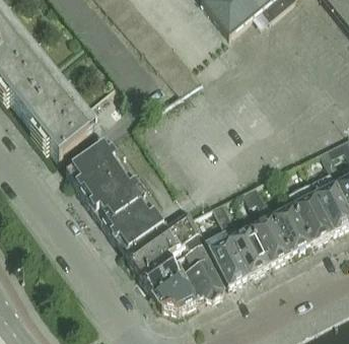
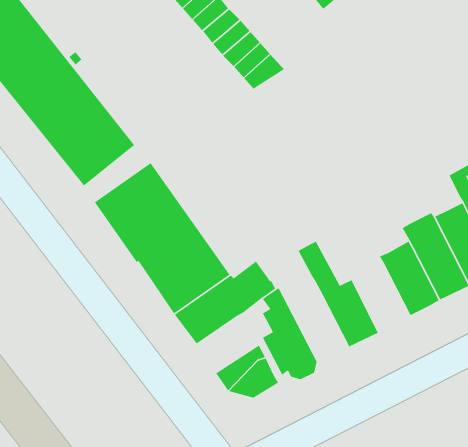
building: [245,182,293,262] -> none
building: [206,225,250,282] -> none
building: [141,248,186,290] -> none

